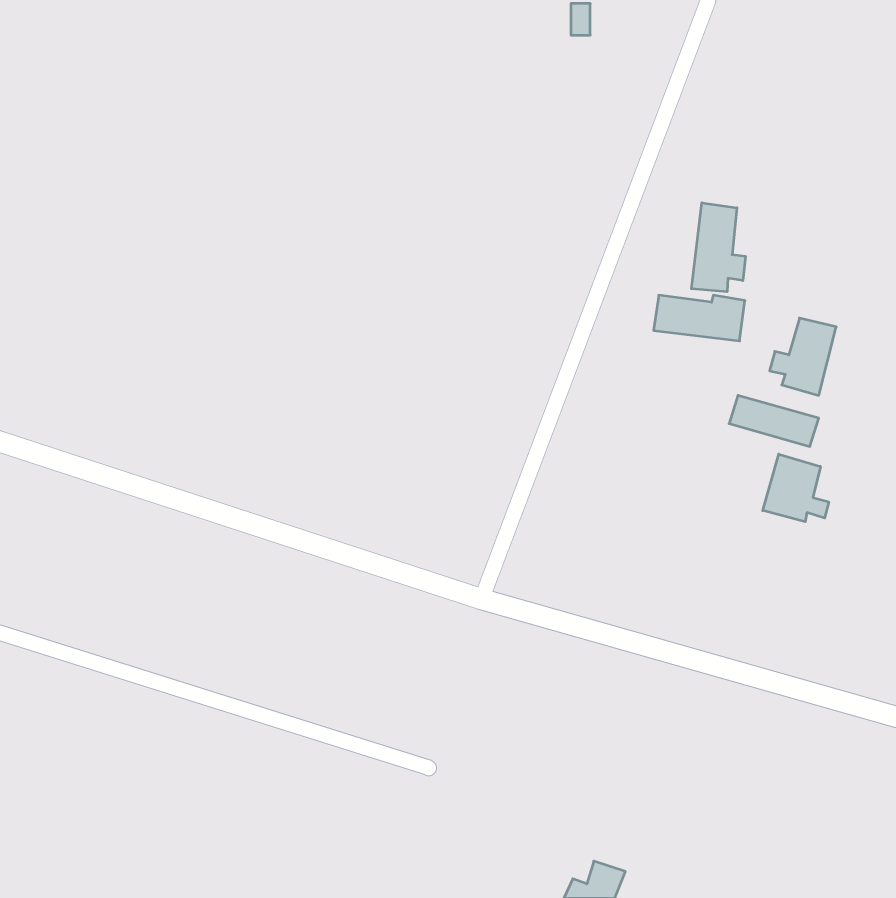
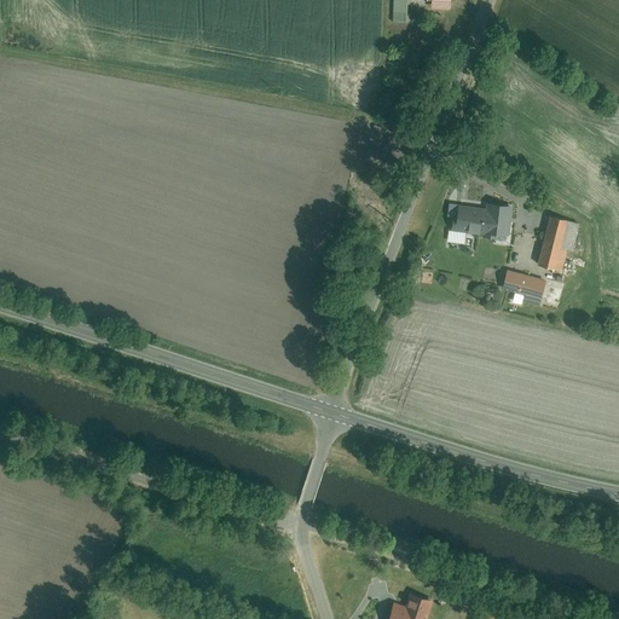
building: [691,203,745,292] -> none
building: [763,454,829,522] -> none

